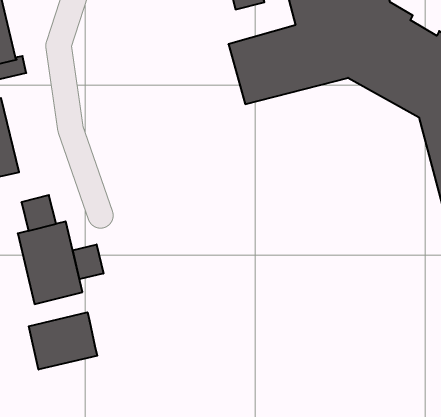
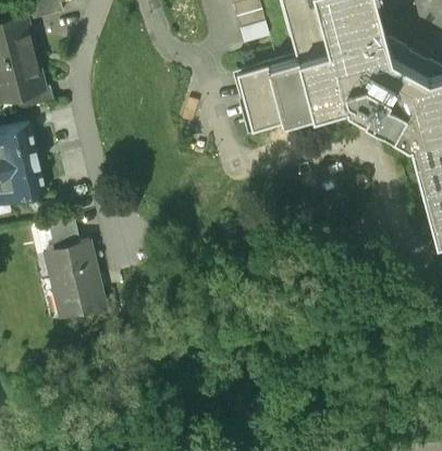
building: [73,244,103,279] -> none
building: [29,312,97,370] -> none

